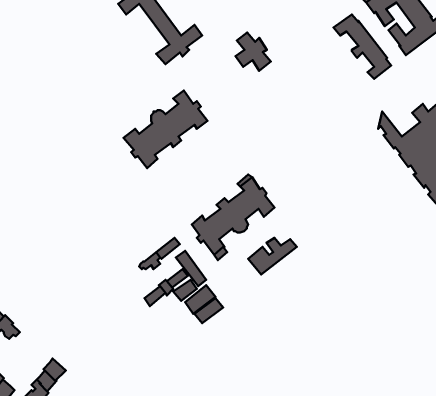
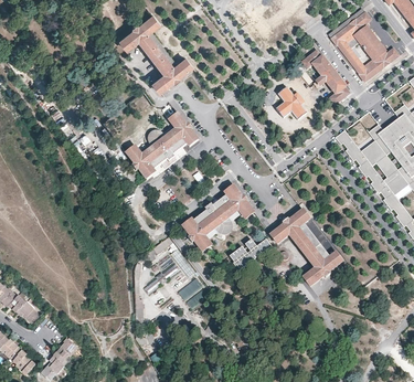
building: [235,33,271,71] -> [277,87,307,119]
building: none -> [270,208,340,284]

